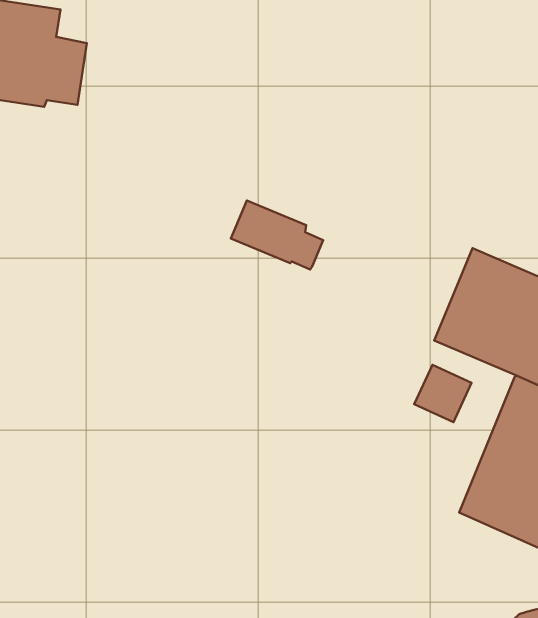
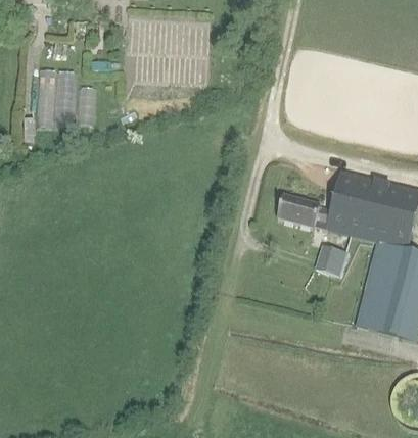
building: [231,201,323,270] -> [276,194,330,229]

